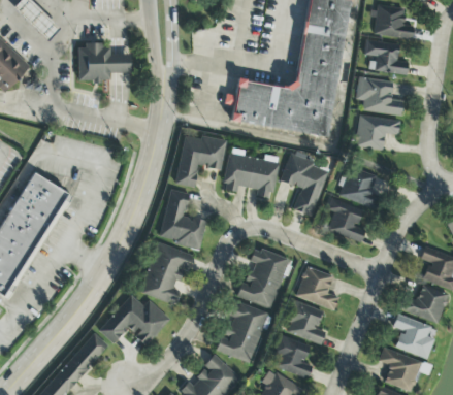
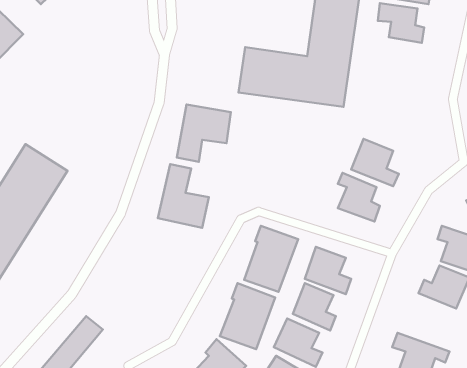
building: [78,43,132,80] -> none
building: [356,76,406,116] -> none
building: [355,114,401,149] -> none
building: [224,152,279,199] -> none
building: [281,154,329,216] -> none
building: [139,241,190,303] -> none
building: [98,293,168,344] -> none
building: [390,312,433,358] -> none

